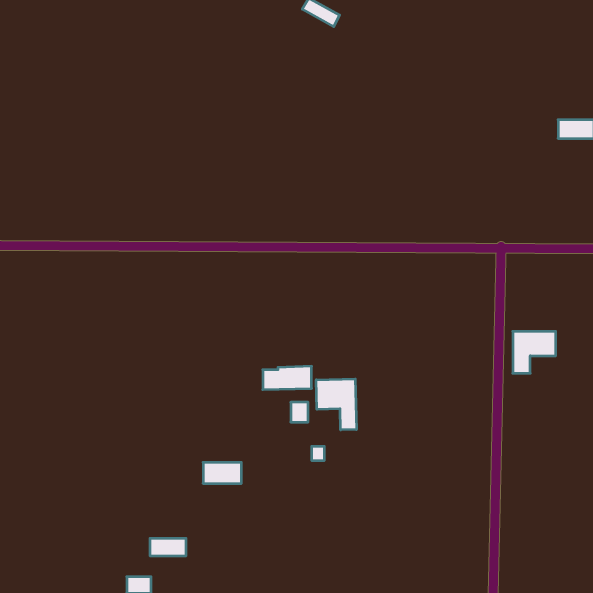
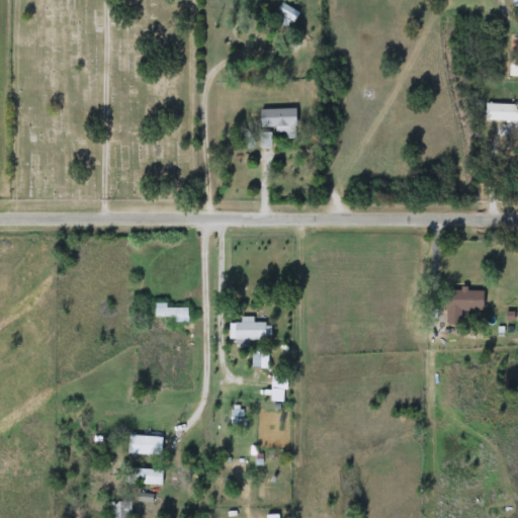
building: none -> [261,108,297,130]
building: none -> [157,304,189,320]
building: [316,379,356,430] -> none
building: [203,462,241,483] -> [130,436,163,454]

